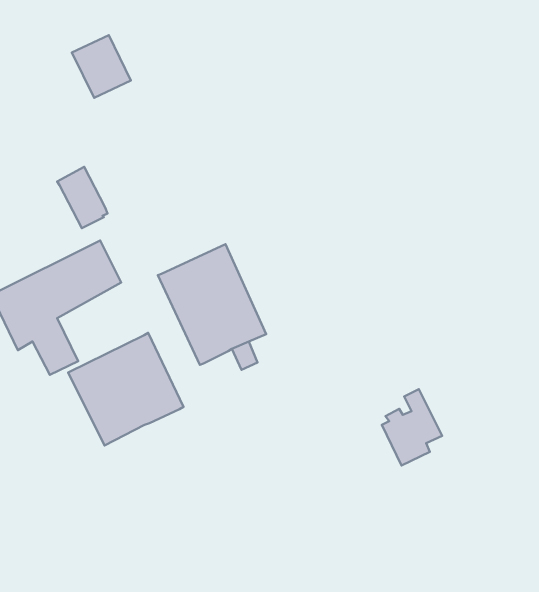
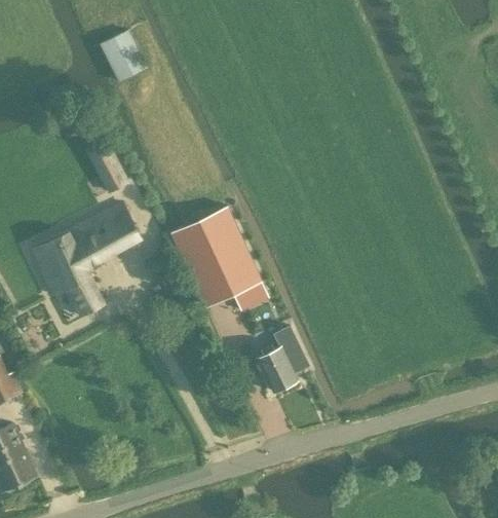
building: [68,333,183,446] -> none
building: [382,389,442,465] -> [258,327,308,391]

